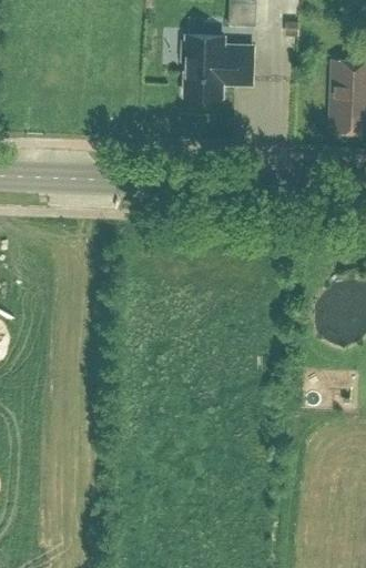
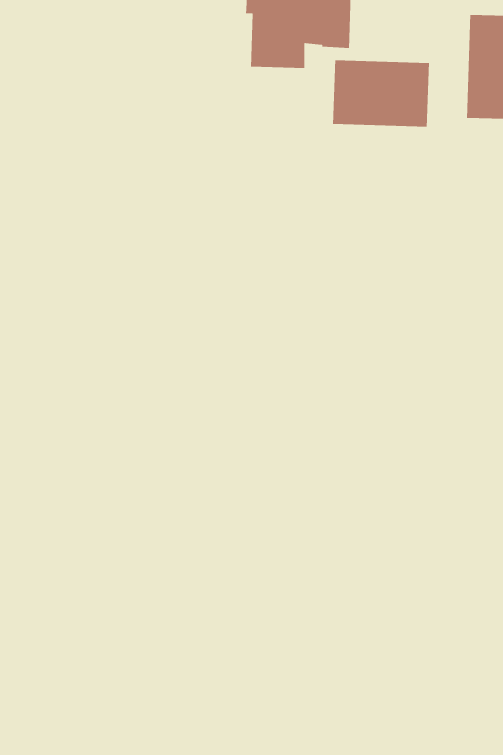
building: none -> [332,60,430,128]

